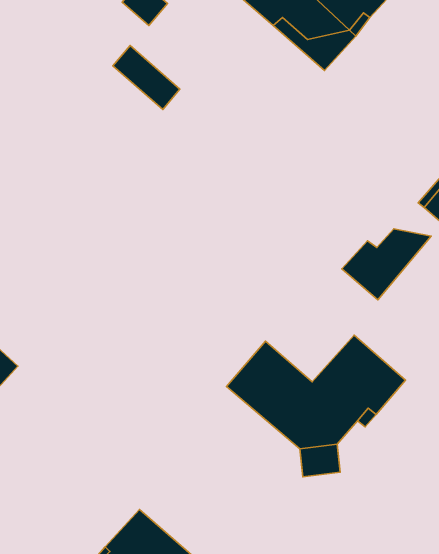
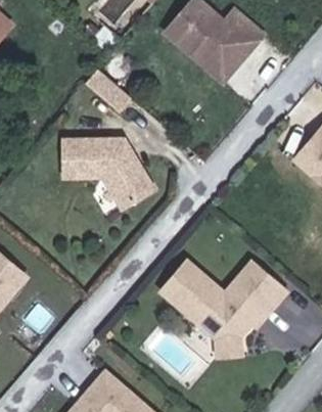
building: none -> [60,133,151,208]
building: [342,229,431,300] -> none

